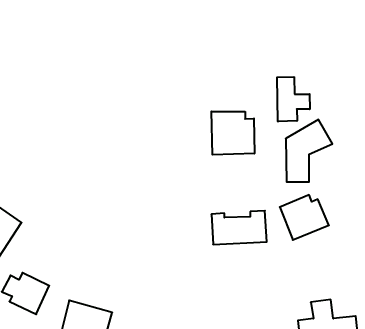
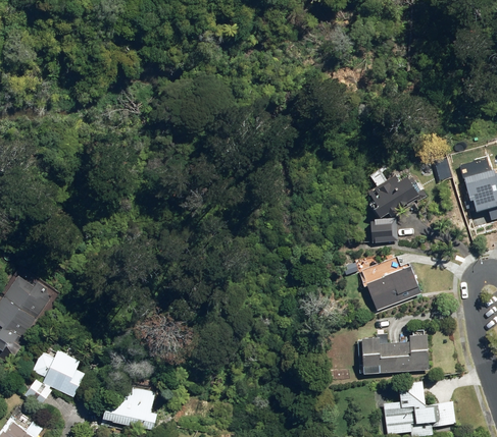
building: [277,77,310,122] -> none
building: [211,111,254,155] -> none
building: [211,211,267,244] -> [363,334,429,374]

